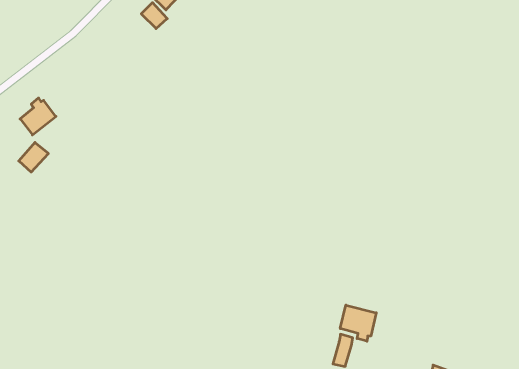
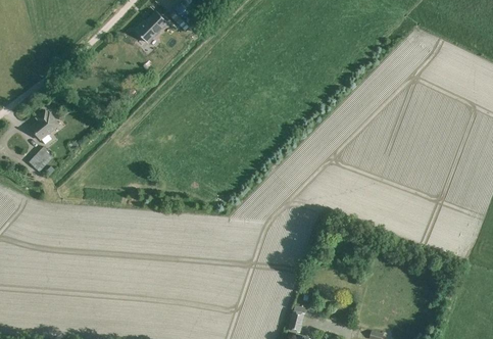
building: [340,305,376,341] -> none

